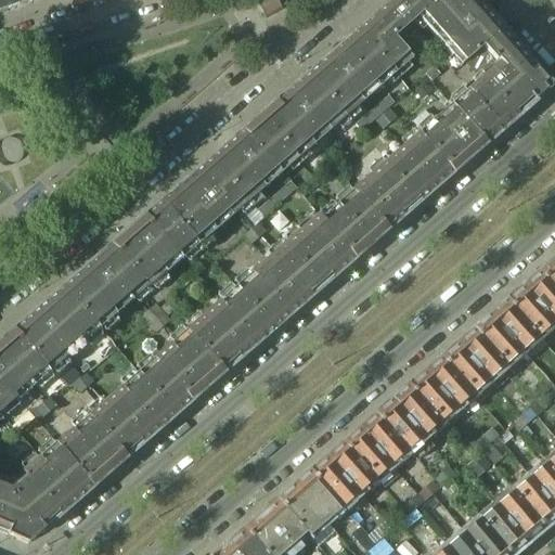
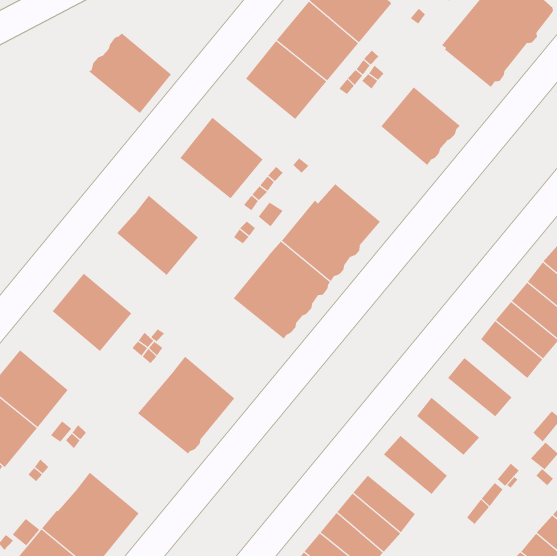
building: [244,101,314,172] -> [89,33,172,114]
building: [420,104,486,171] -> none
building: [179,159,248,230] -> none
building: [339,160,421,242] -> none
building: [113,215,183,286] -> none
building: [48,272,116,341] -> none
building: [188,286,274,372] -> none
building: [425,356,476,410] -> none
building: [90,371,177,456] -> none
building: [391,384,443,439] -> none
building: [360,412,411,467] -> none
building: [326,440,378,495] -> none

